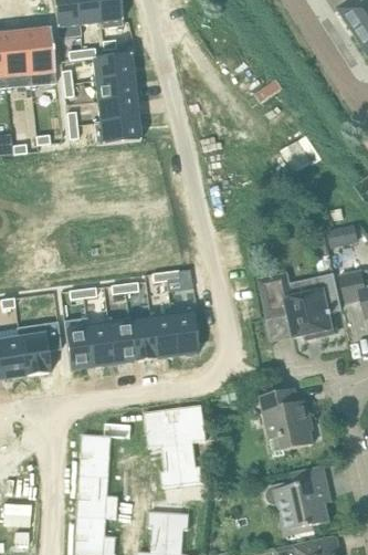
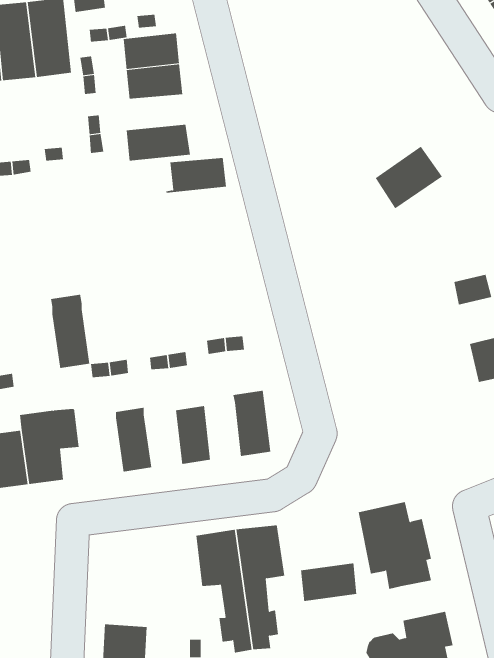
building: [93,97,137,123] -> [165,158,227,193]
building: [257,273,341,338] -> none
building: [149,312,176,358] -> none
building: [63,317,92,370] -> [50,294,90,368]
building: [107,317,134,364] -> none
building: [78,421,133,478] -> none
building: none -> [301,562,357,602]

